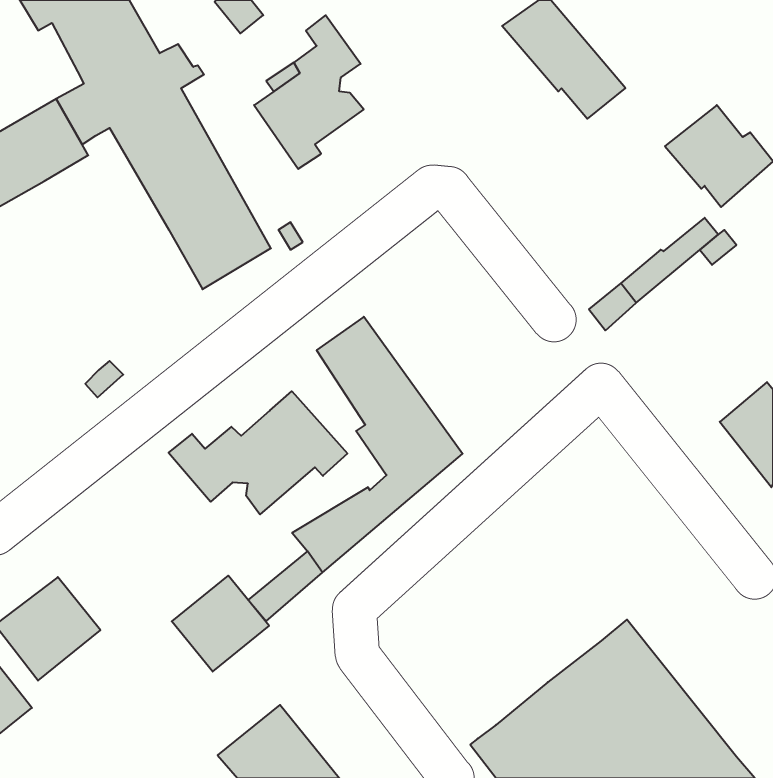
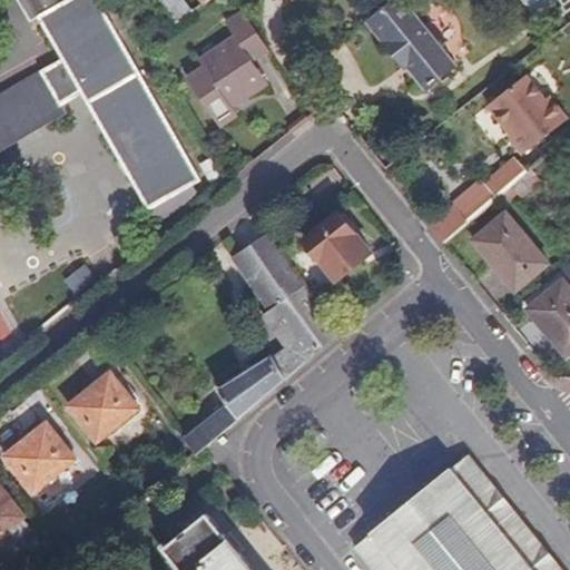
building: none -> [304,212,370,277]
building: none -> [471,212,548,291]
building: [169,391,347,514] -> none
building: [172,576,269,672] -> [67,374,138,444]

